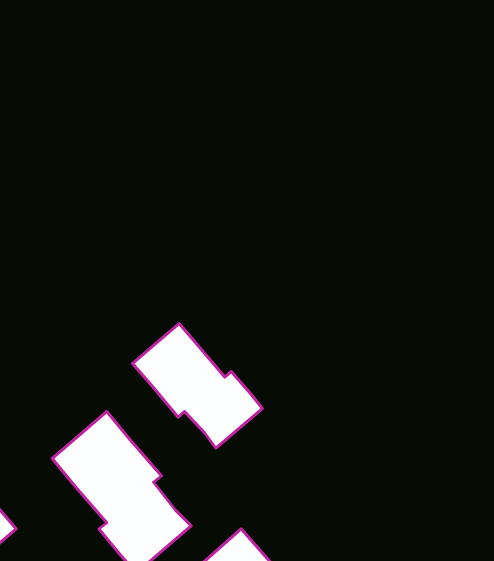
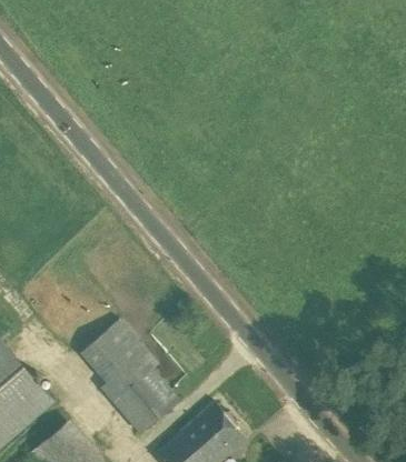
building: [132,324,262,448] -> none

